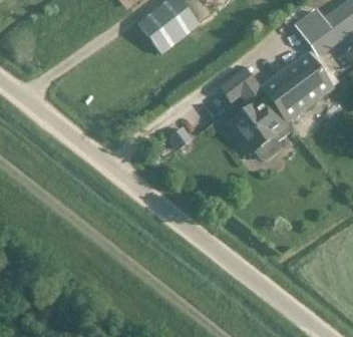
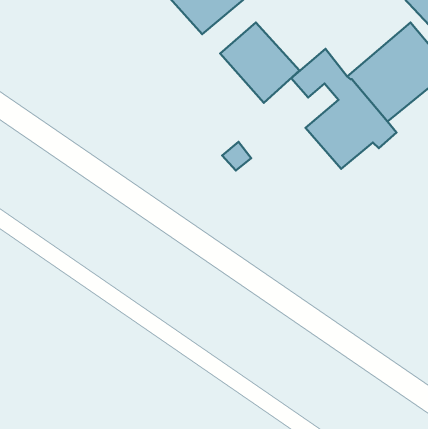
building: none -> [220,23,300,103]

